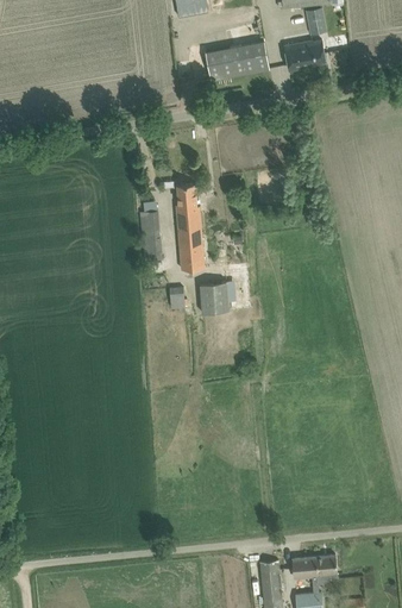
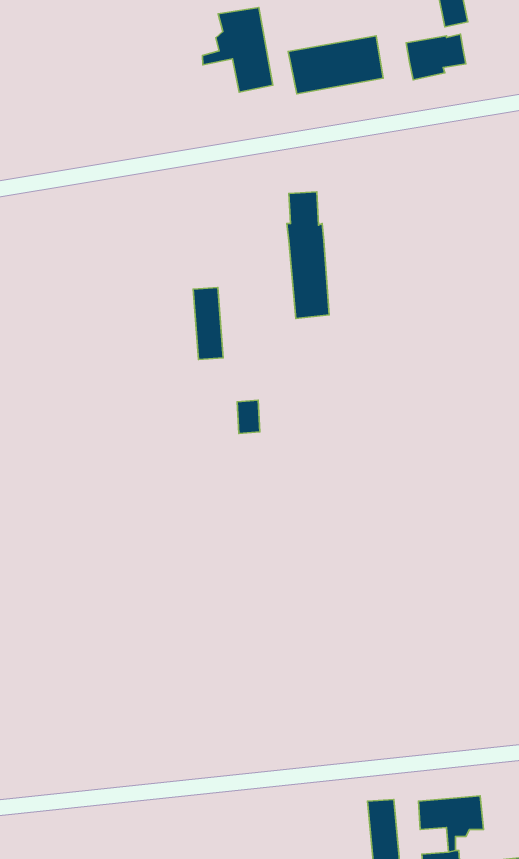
building: none -> [203,8,273,92]
building: [175,183,203,269] -> [287,192,329,318]
building: [201,281,231,315] -> none

